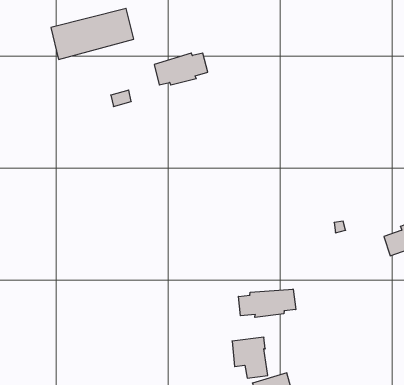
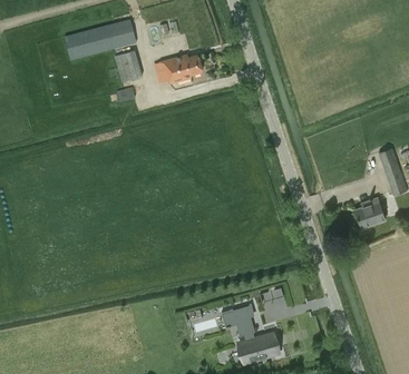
building: none -> [114,51,140,82]
building: [238,289,296,317] -> none

